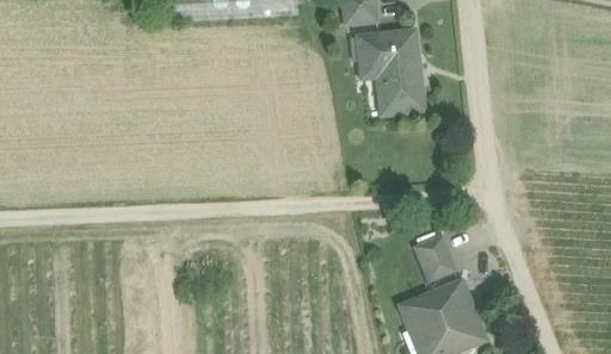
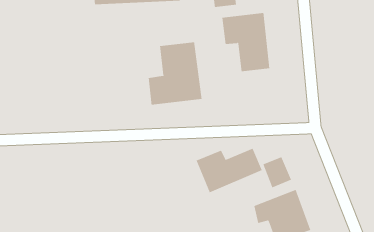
building: none -> [148,41,202,105]
building: none -> [196,148,262,193]

